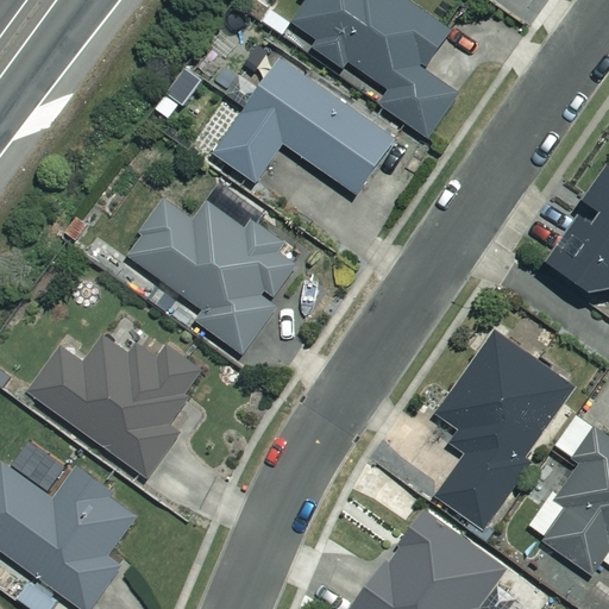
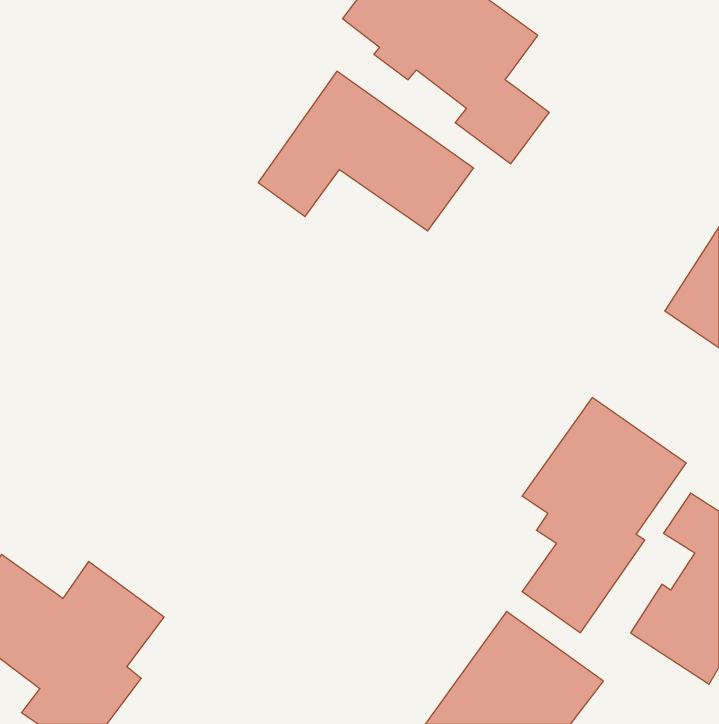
building: [126,200,301,352] -> none
building: [27,335,200,476] -> none

